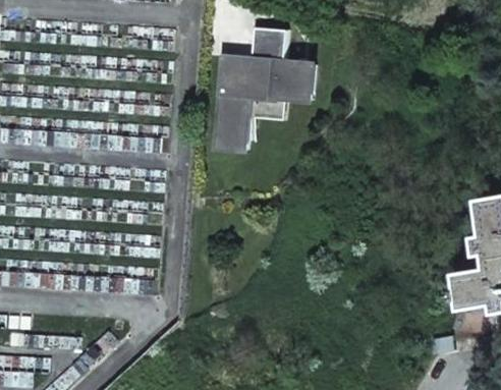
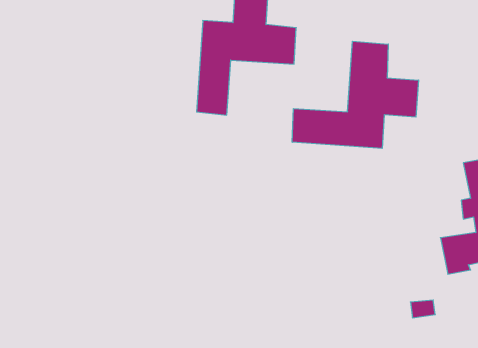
building: none -> [292,41,419,148]

